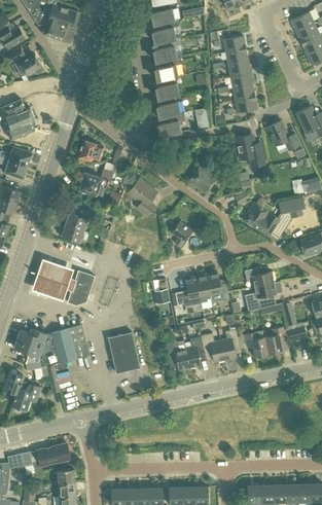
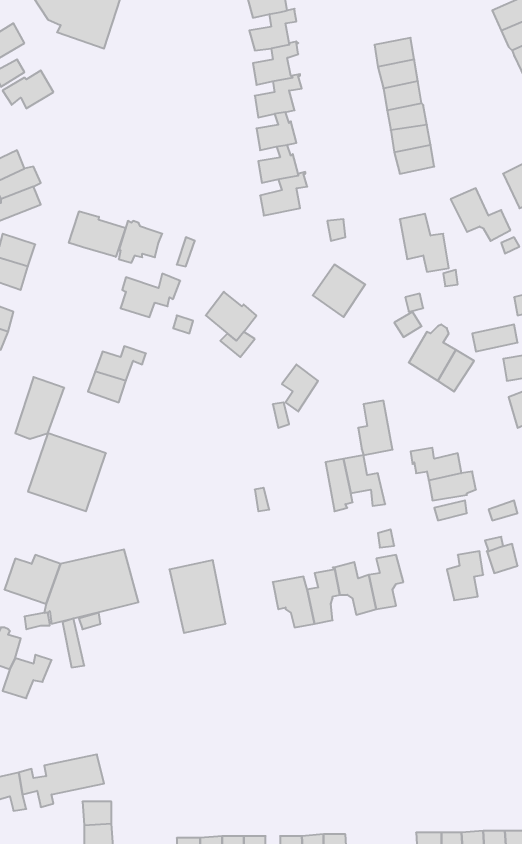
building: none -> [69,211,126,257]
building: [67,269,95,304] -> [15,377,64,439]
building: [181,276,201,306] -> [358,401,393,455]
building: [244,330,269,357] -> none

